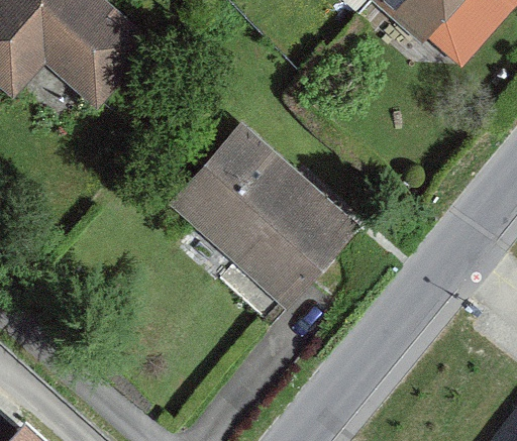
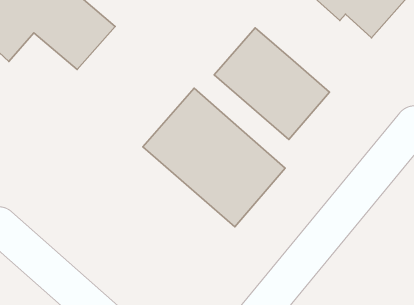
building: none -> [214,28,330,140]

